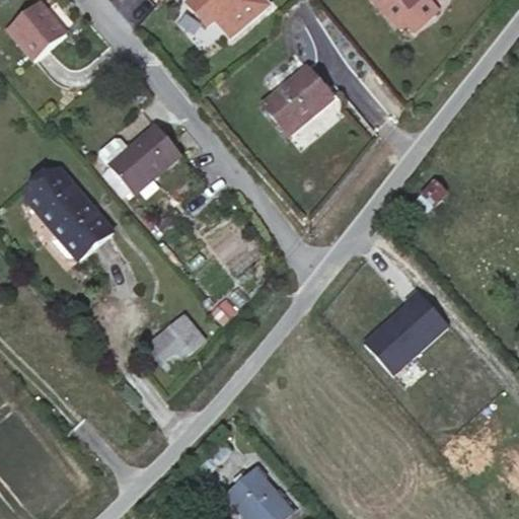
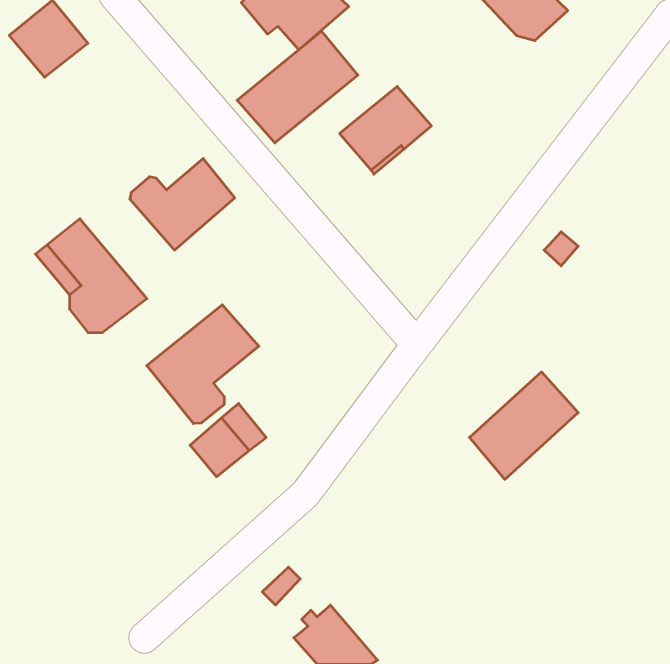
building: none -> [237,31,358,143]
building: none -> [147,305,259,424]

